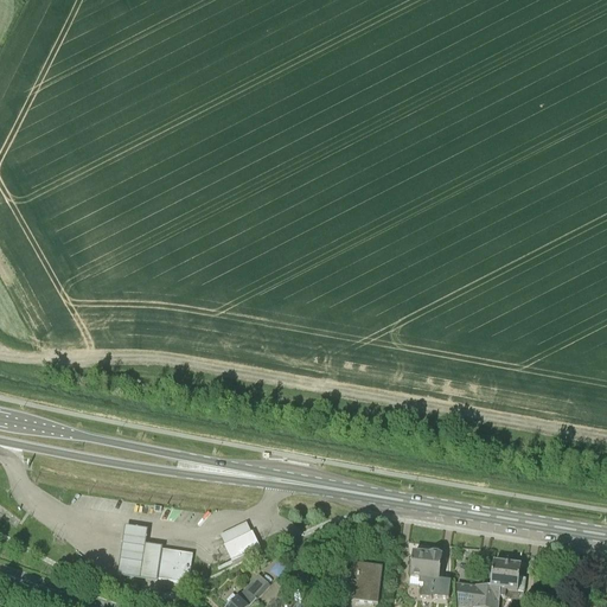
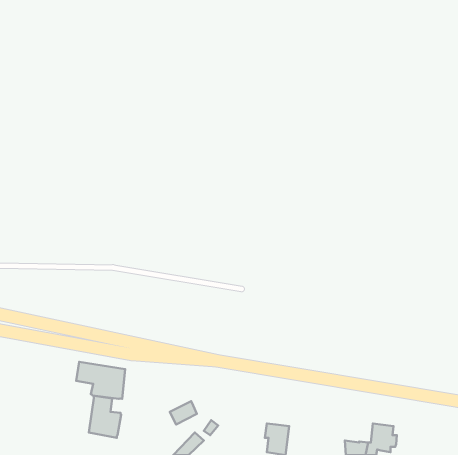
building: none -> [76,362,125,399]
building: [154,545,192,581] -> none
building: [408,550,451,596] -> none

